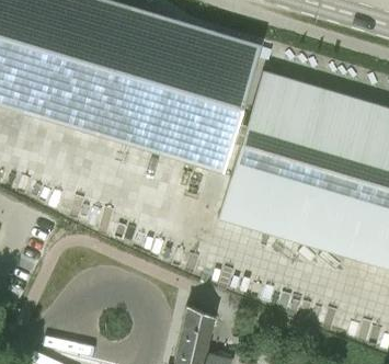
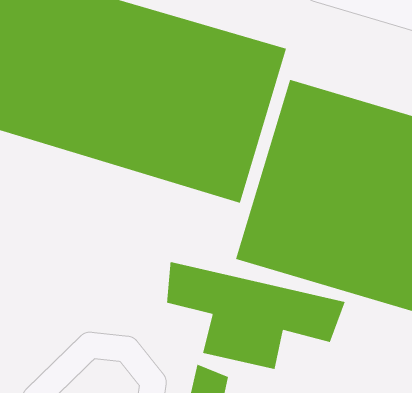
building: none -> [167,261,345,370]

